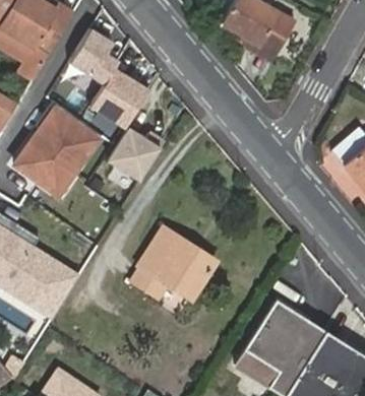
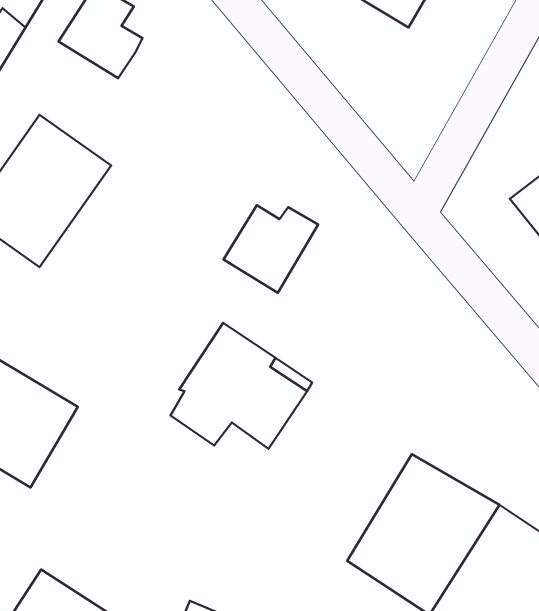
building: [89,69,147,127] -> none
building: [109,129,164,180] -> [224,205,318,293]

